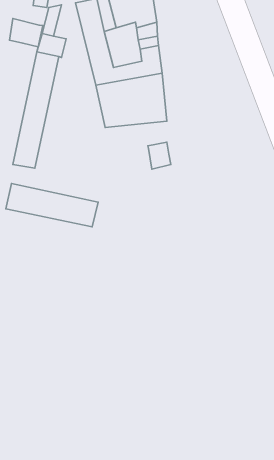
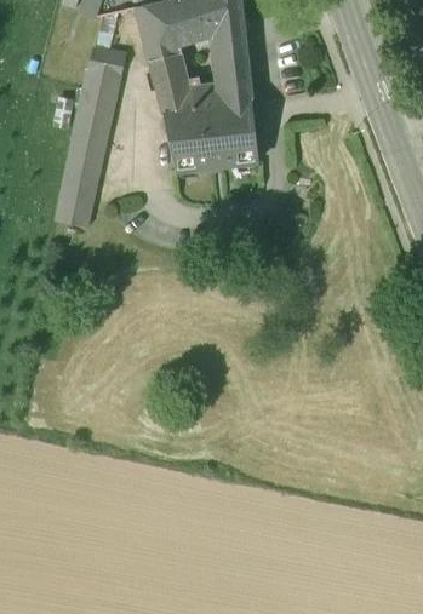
building: [9,19,43,47] -> none
building: [148,142,171,169] -> none
building: [6,184,98,227] -> none

